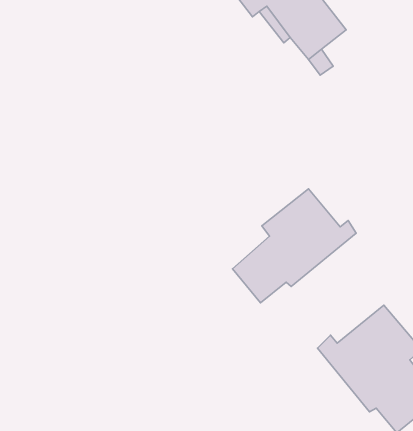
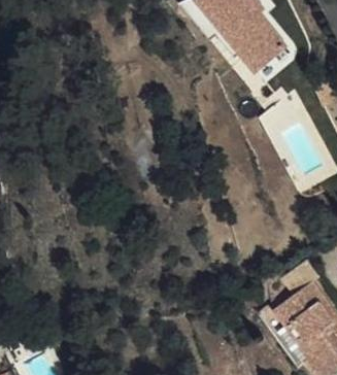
building: [233,189,356,303] -> none

